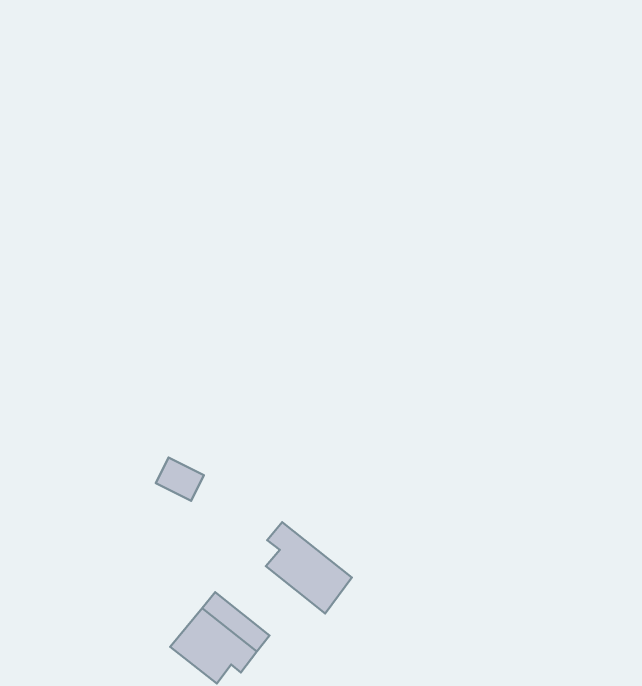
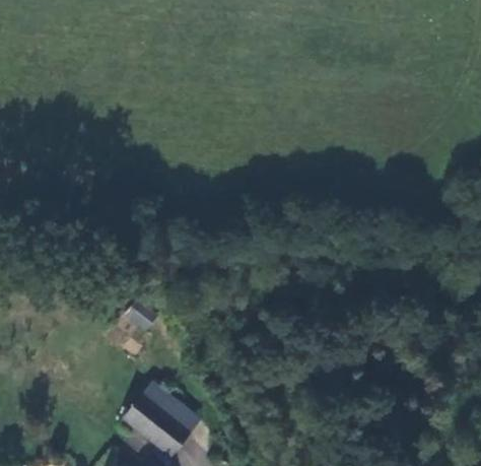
building: [266,522,352,613] -> none

